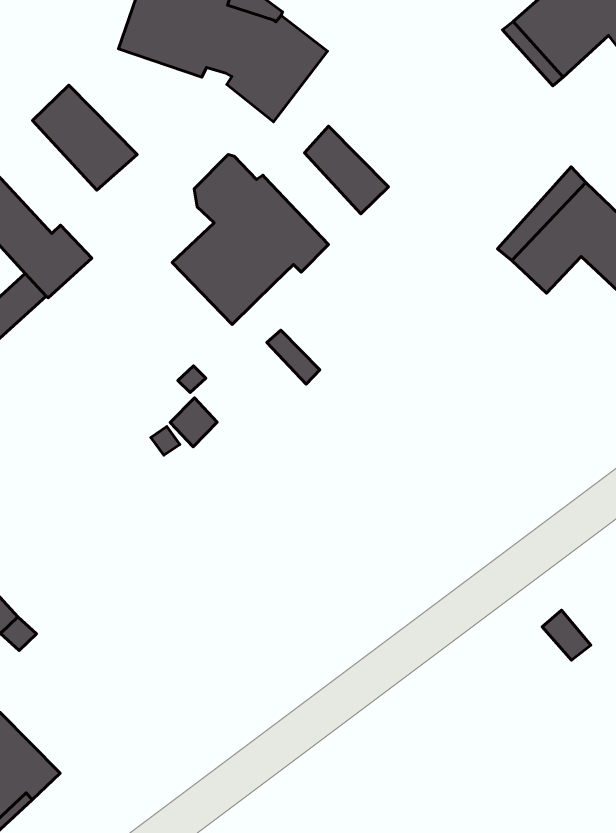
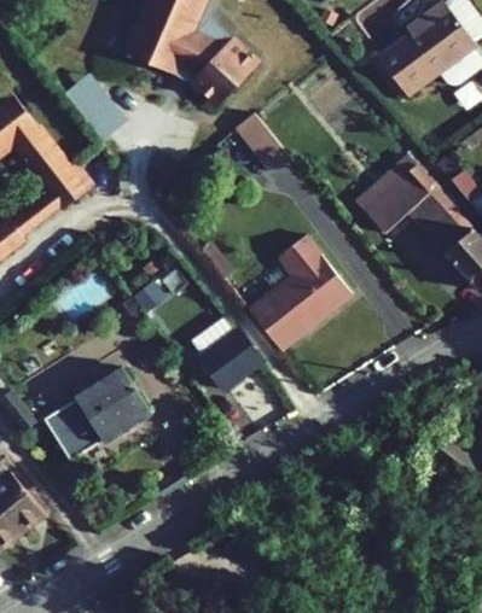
building: [172,155,329,325] -> none
building: none -> [250,237,352,350]
building: none -> [199,329,261,390]
building: none -> [45,367,151,460]

